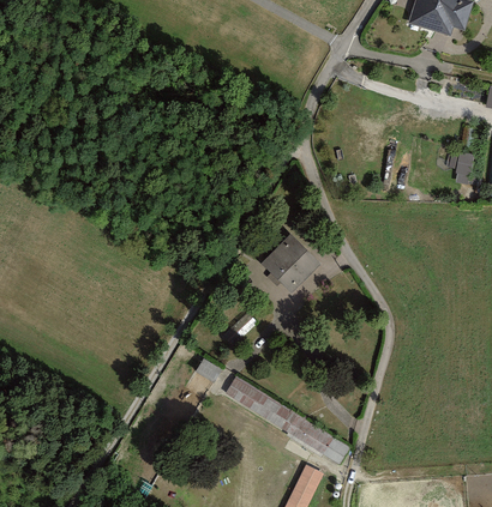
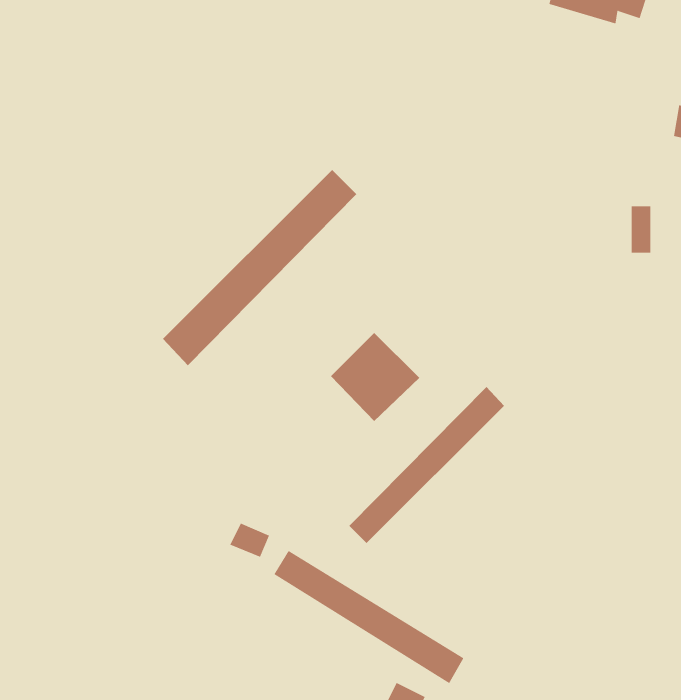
building: none -> [162,169,357,366]
building: none -> [349,386,505,544]

